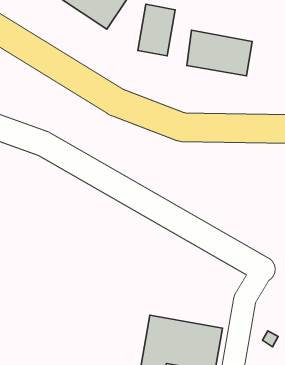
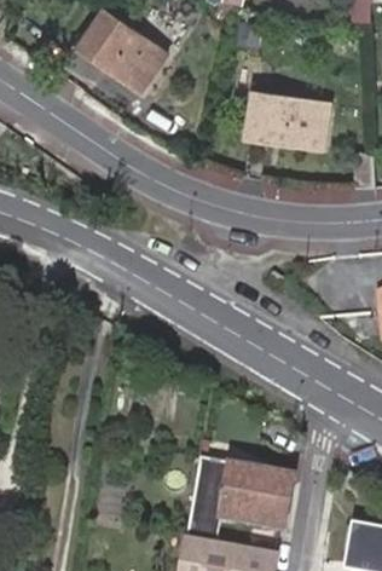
building: [138,4,175,56] -> none

